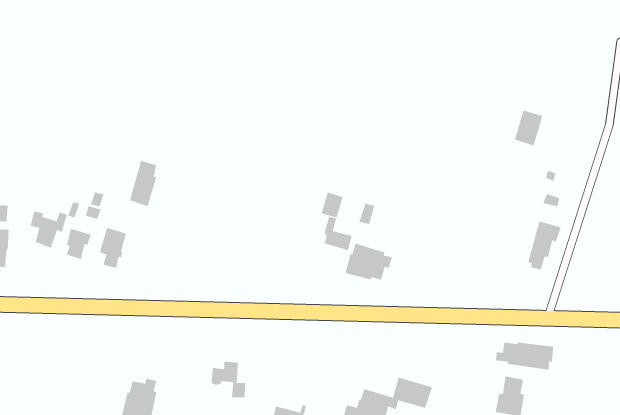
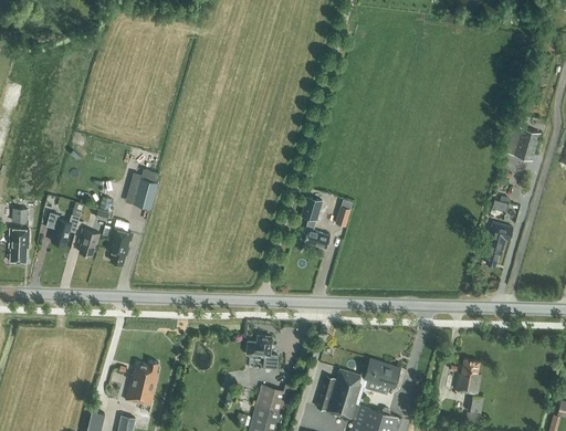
building: [514,110,543,146] -> [513,128,538,160]
building: [345,243,393,280] -> none
building: [495,342,554,370] -> none
building: [211,361,246,398] -> [245,336,276,368]

